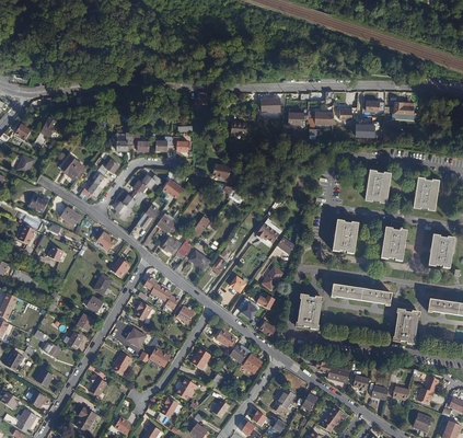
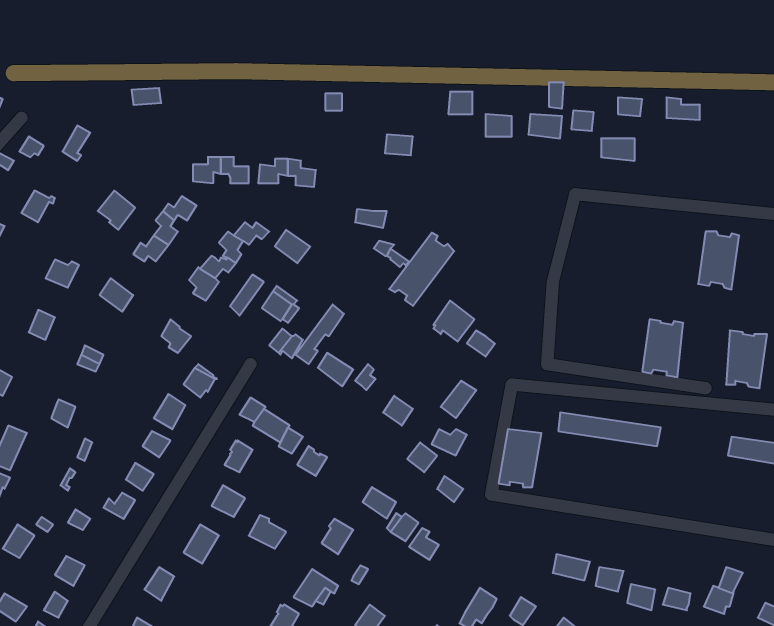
building: [363,171,389,205] -> none
building: none -> [389,233,454,306]
building: [332,222,357,257] -> none
building: [393,310,417,345] -> none

